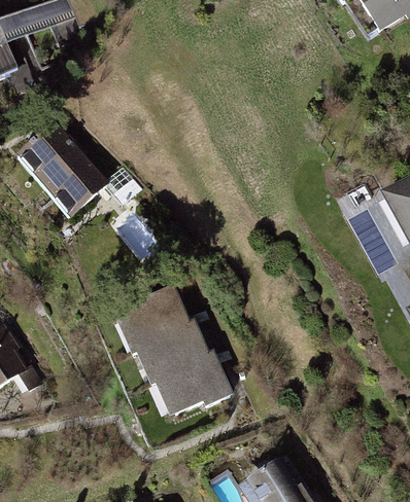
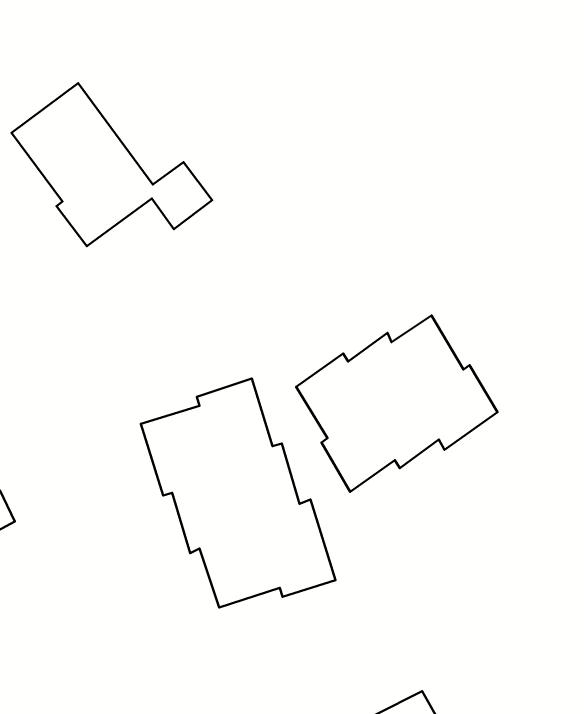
building: none -> [296,316,498,492]

